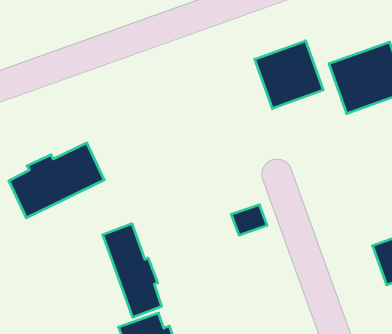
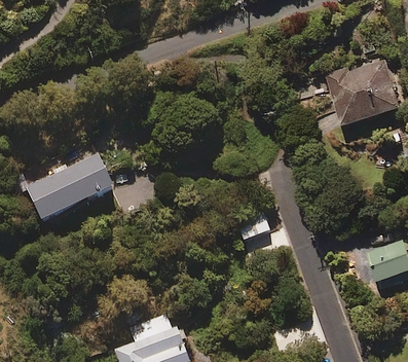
building: [255,41,323,109] -> none
building: [103,224,162,317] -> none

